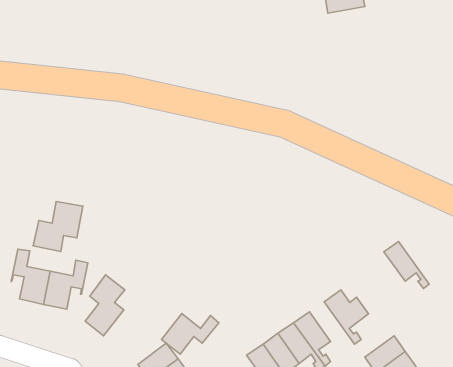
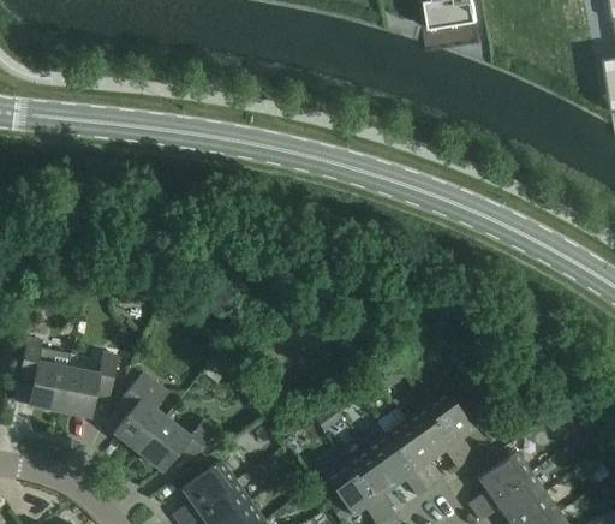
building: [33,201,83,251] -> none
building: [384,242,429,289] -> [407,407,466,469]
building: [162,314,219,354] -> [139,418,214,471]

